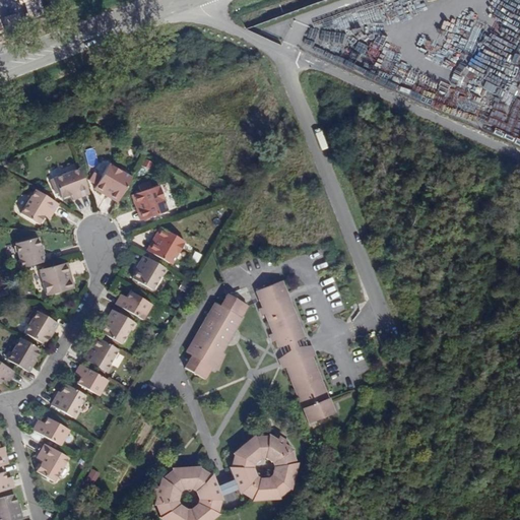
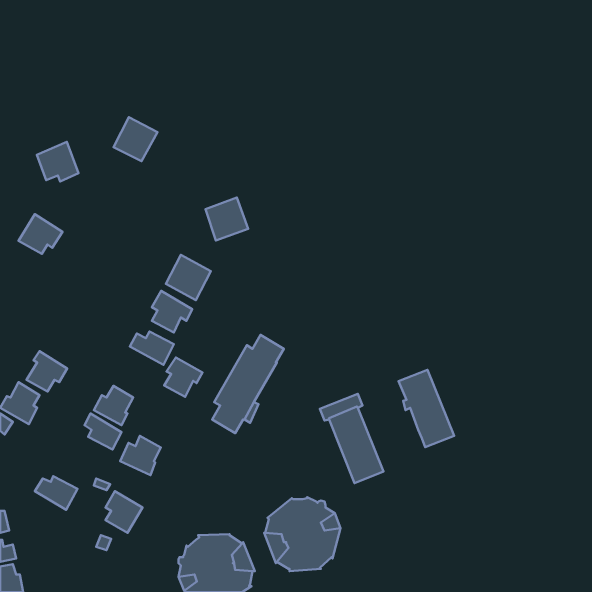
building: [90,162,129,201] -> [114,117,158,161]
building: [48,166,84,200] -> [37,142,79,181]
building: [130,181,168,218] -> [205,198,248,240]
building: [12,236,44,267] -> none
building: [41,262,74,300] -> none
building: [257,280,306,348] -> [399,370,454,447]
building: [102,308,135,342] -> [164,358,202,397]
building: [49,385,84,419] -> [120,436,161,475]
building: [35,445,67,481] -> [105,491,143,533]

